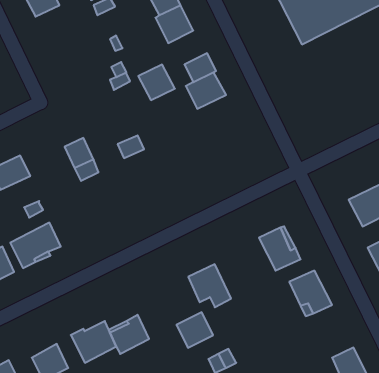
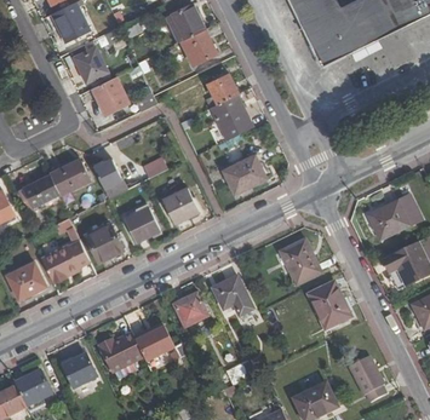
building: none -> [73,46,108,81]
building: [138,65,175,100] -> [92,76,127,110]
building: none -> [223,154,265,191]
building: none -> [50,157,90,194]
building: none -> [161,185,199,224]
building: none -> [125,205,161,243]
building: none -> [86,221,122,258]
building: [176,312,213,348] -> [173,293,208,327]

